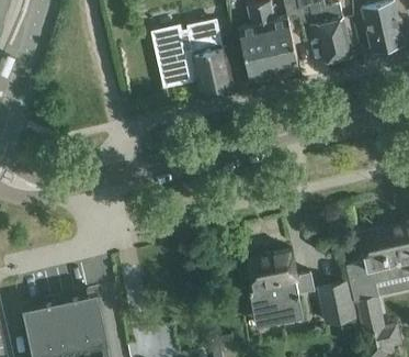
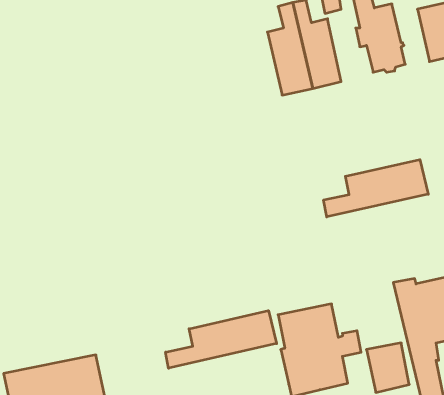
building: [155,24,232,93] -> none
building: none -> [324,160,428,217]
building: none -> [166,311,277,368]

